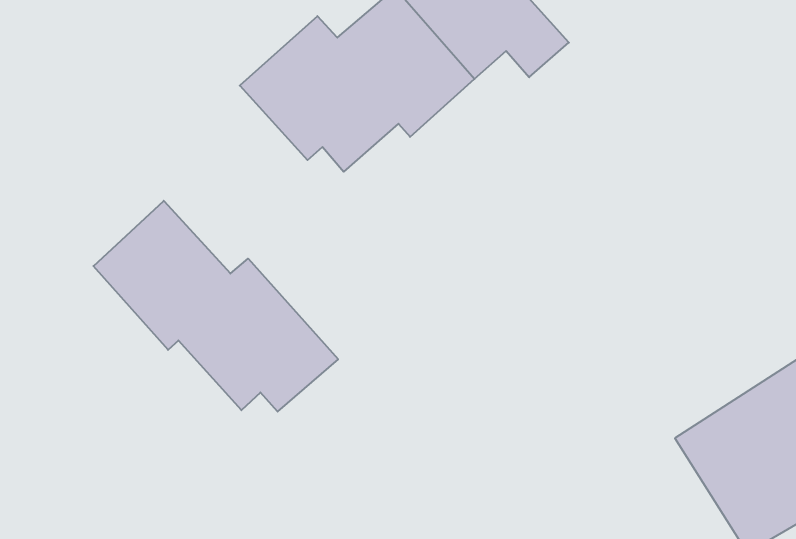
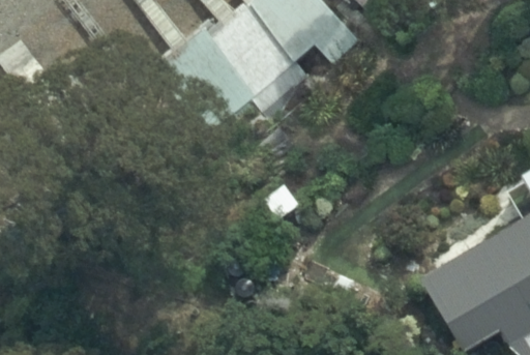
building: [93,201,338,412] -> none

